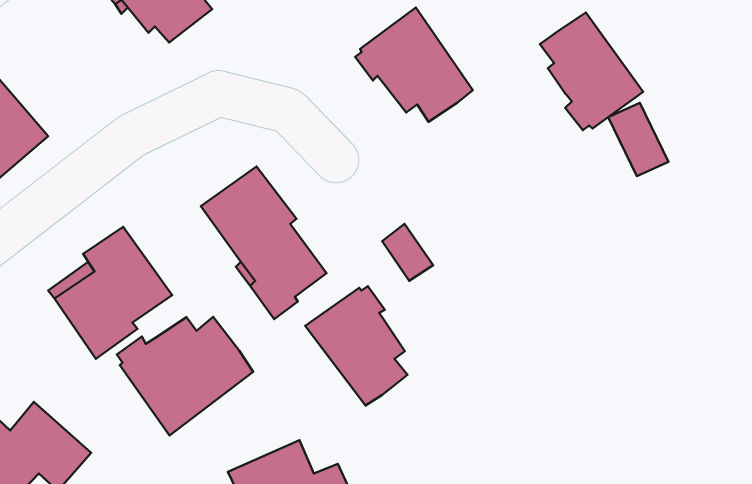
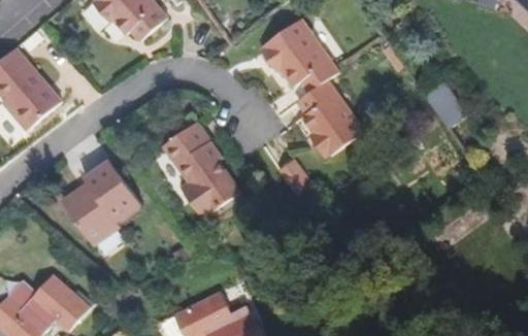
building: [540,12,643,130] -> [296,80,363,157]
building: [305,286,407,406] -> none
building: [117,317,253,435] -> none

